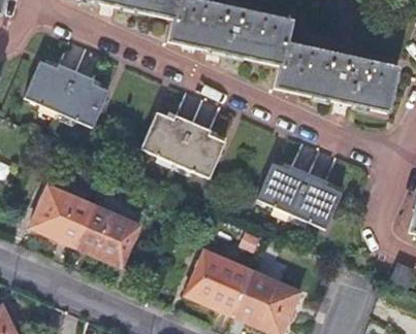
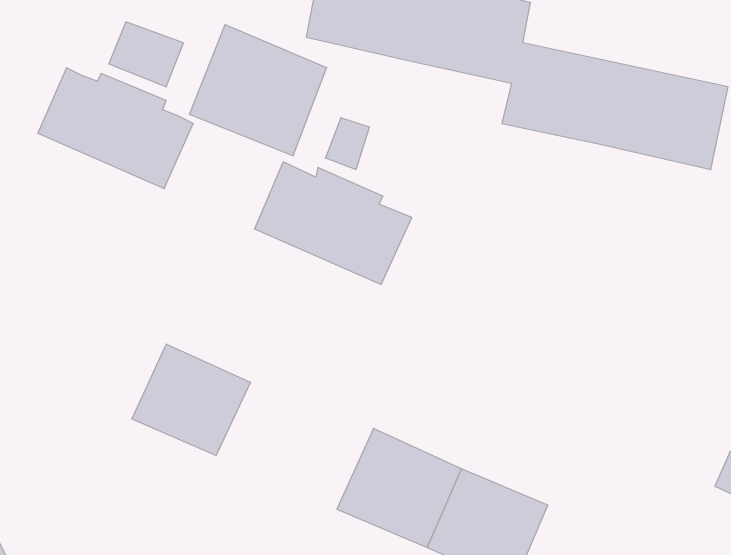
building: none -> [190,25,327,156]
building: [258,158,343,224] -> none
building: [32,186,95,245] -> none

